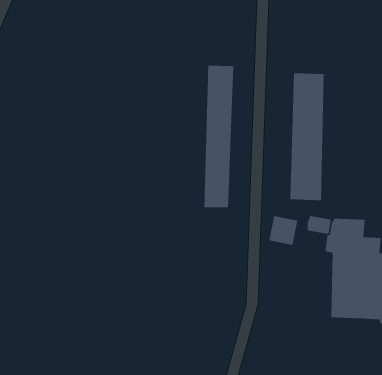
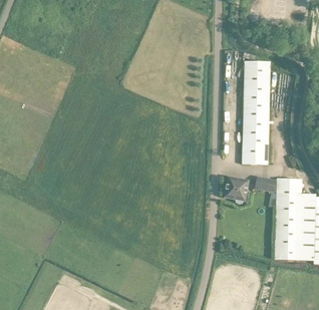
building: [204,65,234,208] -> none

